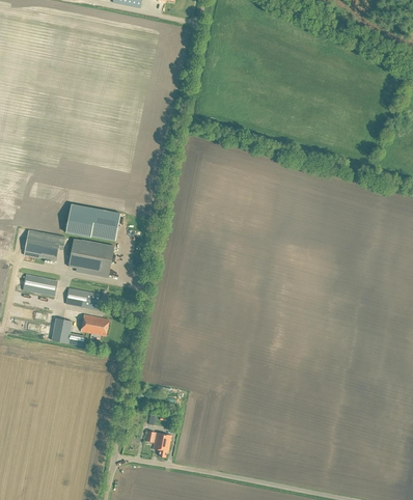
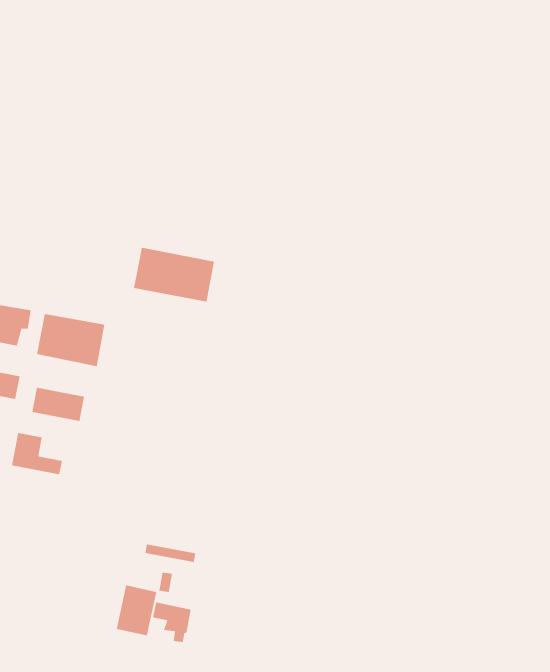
building: [65,202,119,239] -> [133,247,215,302]
building: [80,313,108,334] -> none
building: none -> [116,585,157,636]

